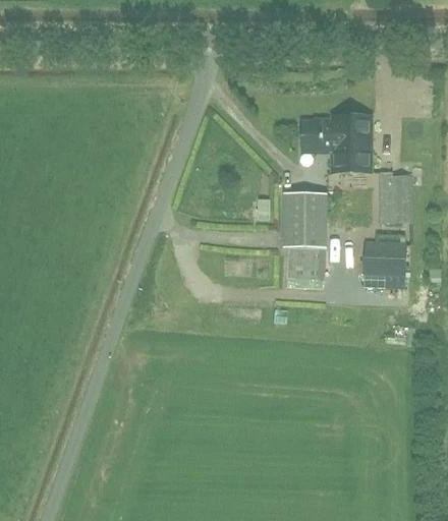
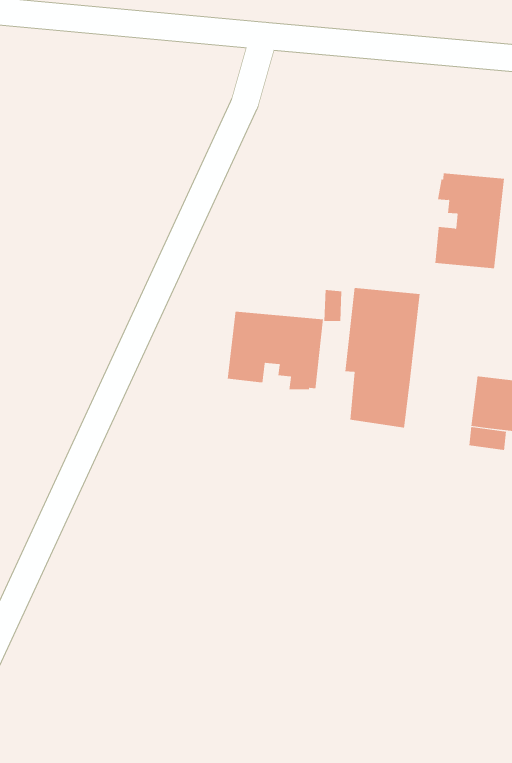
building: [300,117,342,150] -> none
building: none -> [227,311,324,390]

